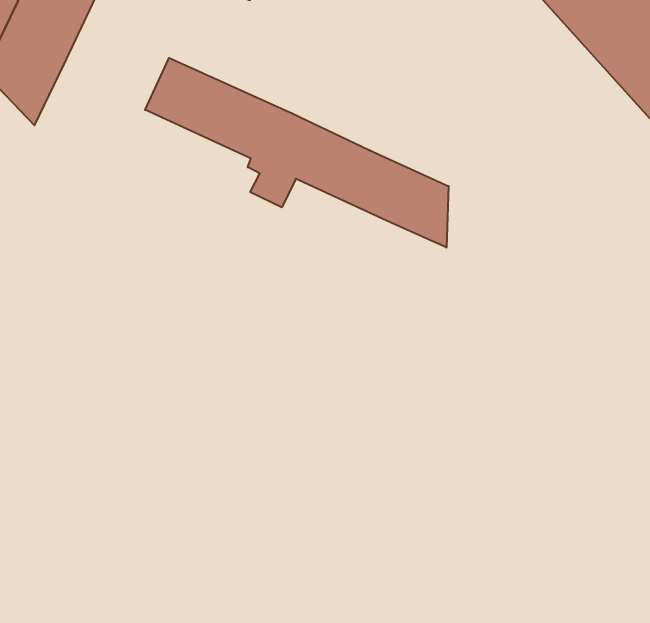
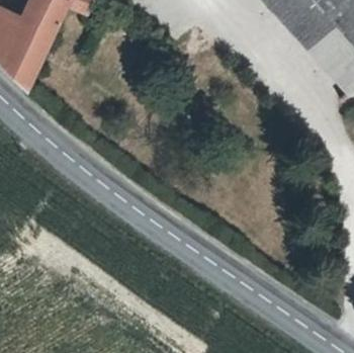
building: [145,58,449,248] -> none

